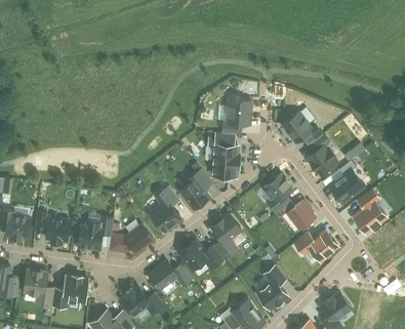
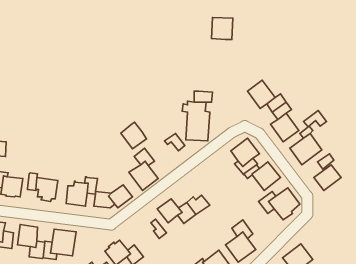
building: [226,97,249,122] -> [212,17,233,39]
building: [179,177,208,207] -> [121,122,146,149]
building: [209,211,241,242] -> none
building: [150,260,178,288] -> none

